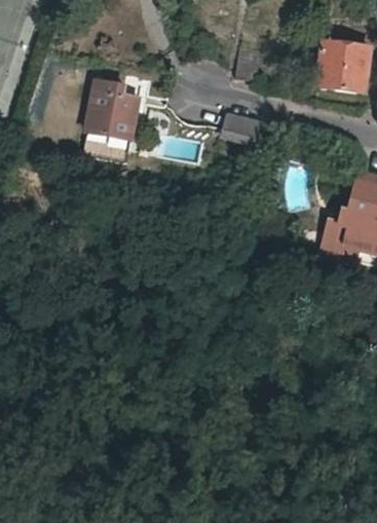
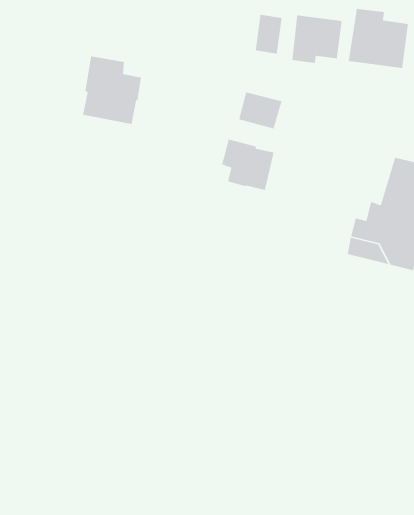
building: none -> [292,14,343,64]
building: none -> [221,139,275,191]

